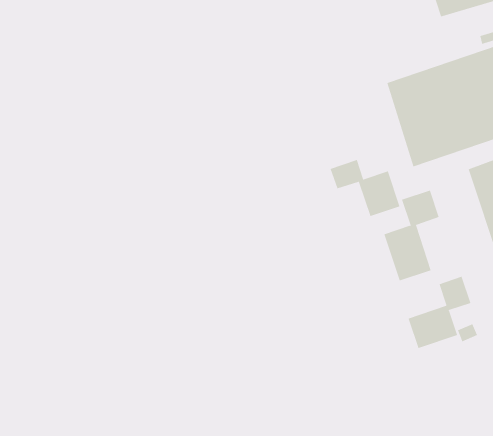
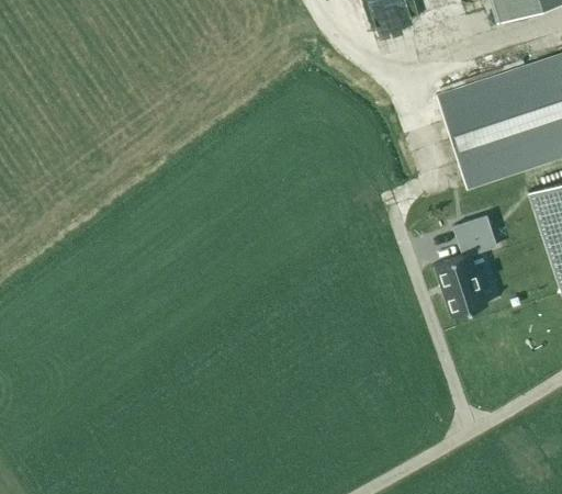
building: [330,159,400,217] -> none
building: [408,276,471,349] -> none

